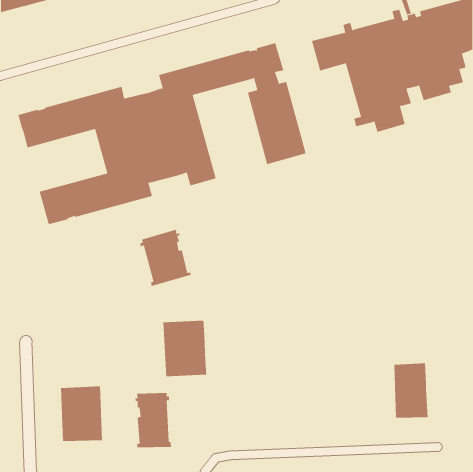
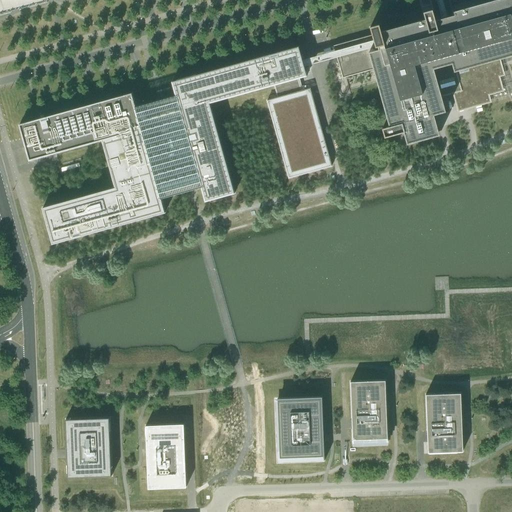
building: [139,228,192,290] -> none
building: [163,319,207,380] -> [276,396,324,461]
building: none -> [350,380,387,443]

